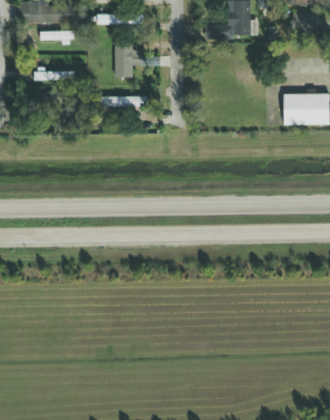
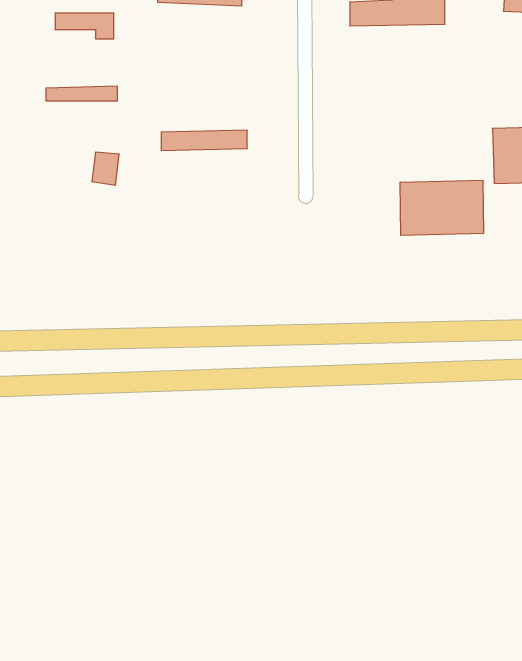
building: [113,42,159,77] -> none
building: none -> [400,180,483,235]

